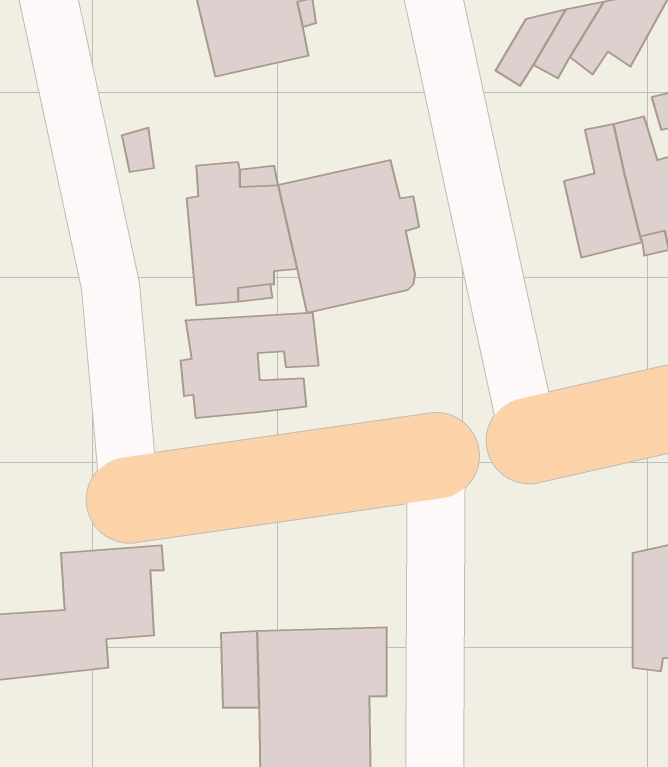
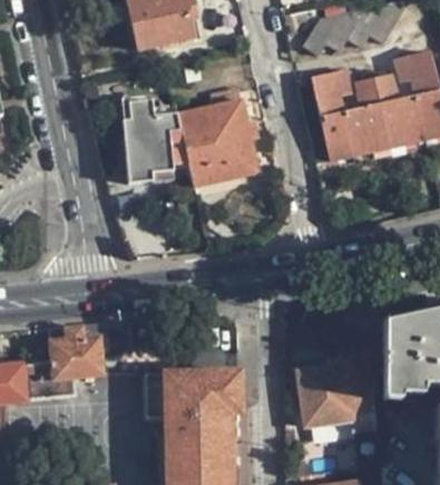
building: none -> [312,69,354,160]
building: [181,312,318,418] -> none
building: none -> [299,355,375,430]

